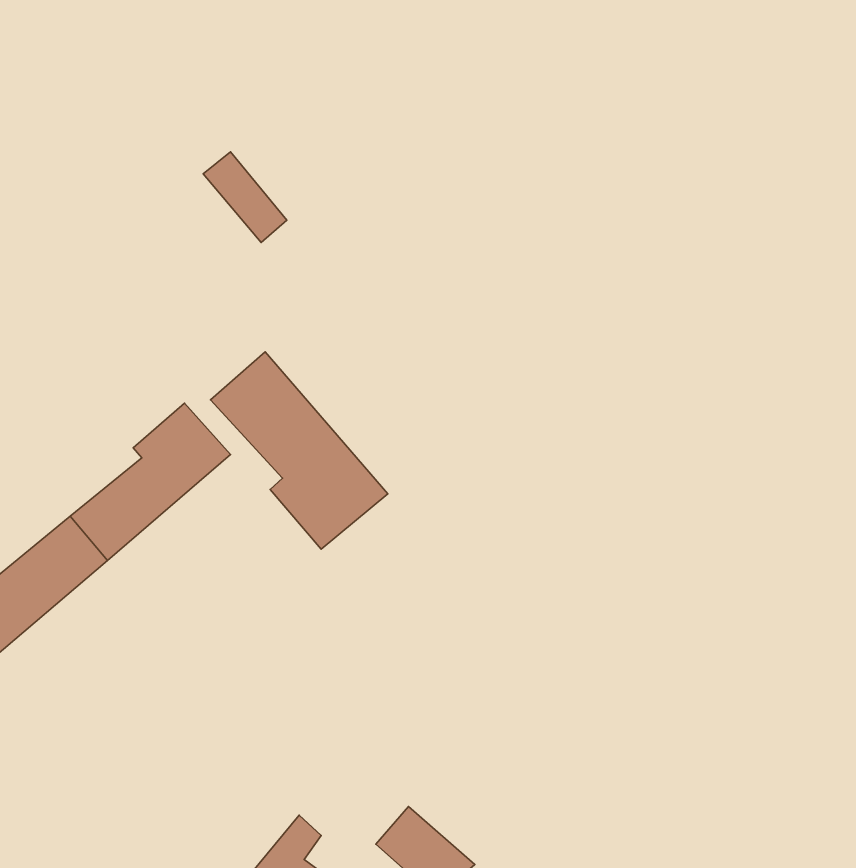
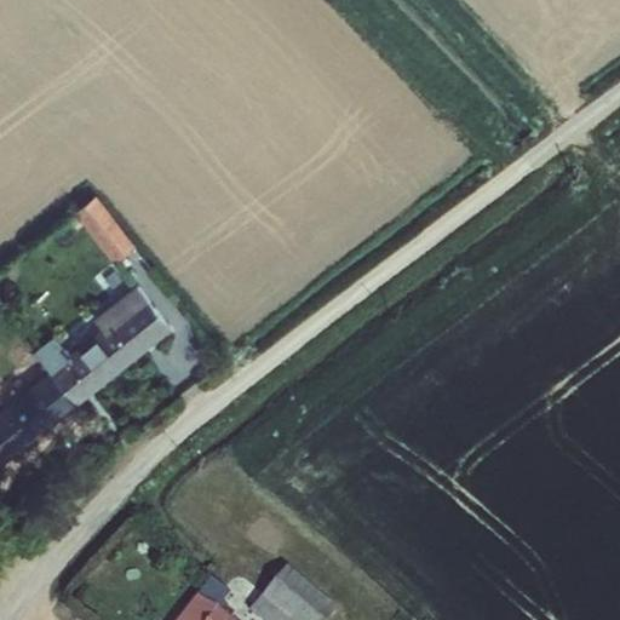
building: [203,152,287,242] -> [80,205,139,269]
building: [210,352,388,549] -> none

